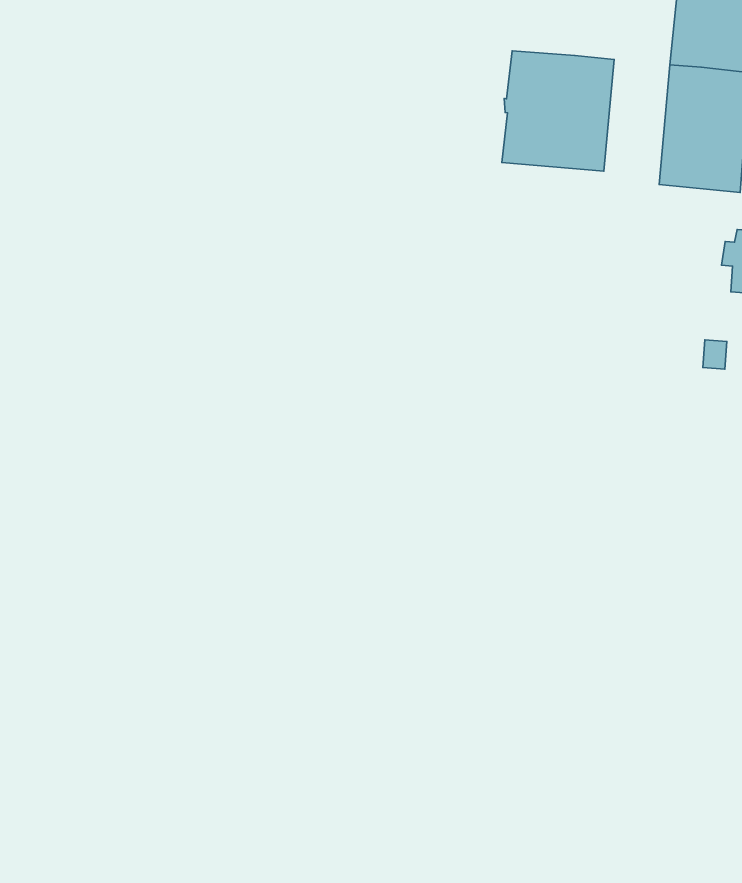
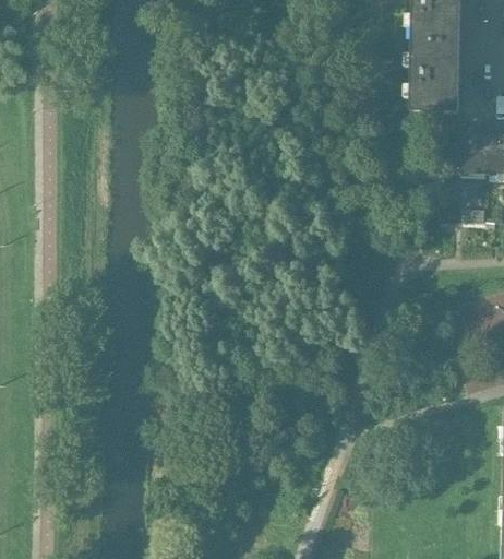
building: [502,51,614,171] -> none

